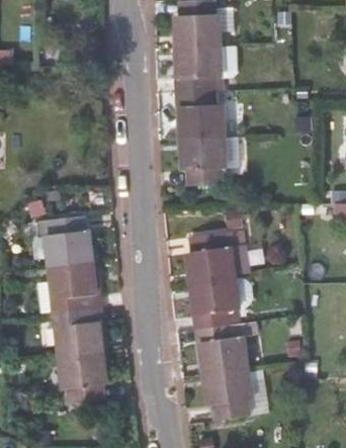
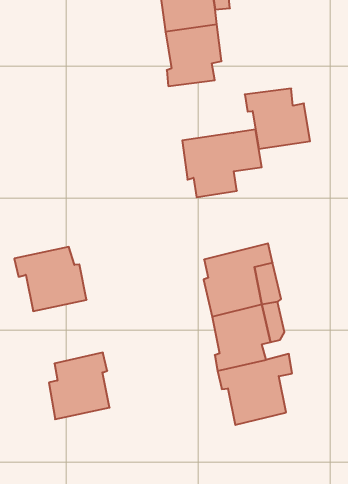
building: [177,88,227,135] -> [245,89,310,149]
building: [49,257,102,307] -> none
building: [58,347,106,399] -> none
building: [204,365,251,416] -> none

